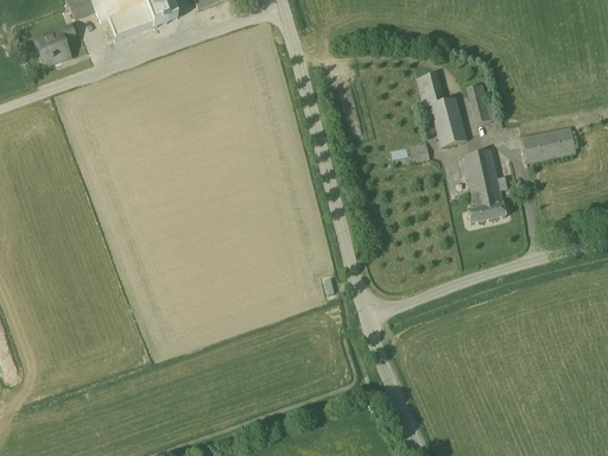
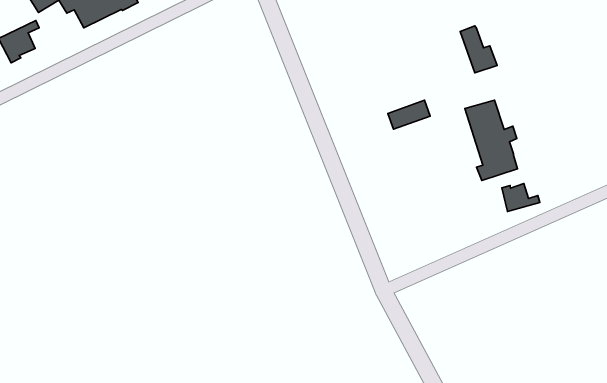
building: [417,71,468,146] -> none
building: [522,126,576,160] -> none
building: none -> [502,184,540,212]

